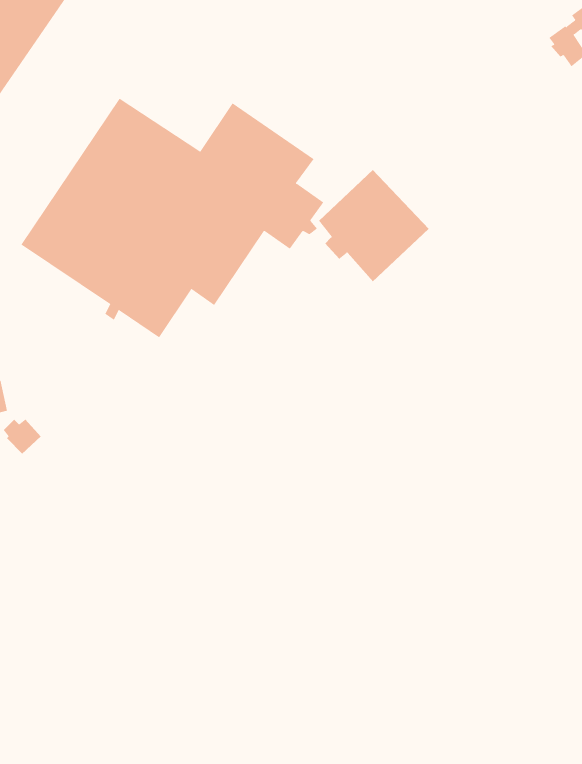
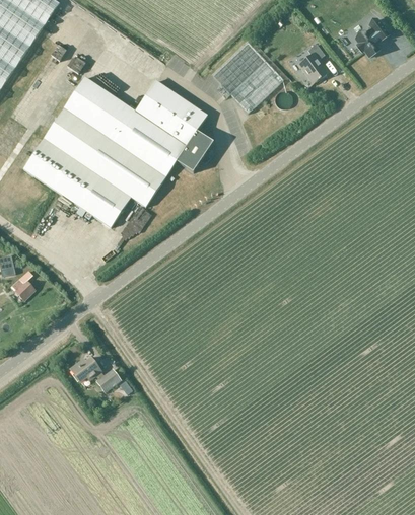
building: none -> [296,43,329,84]
building: [318,169,429,282] -> [212,42,282,113]
building: none -> [70,358,121,392]

